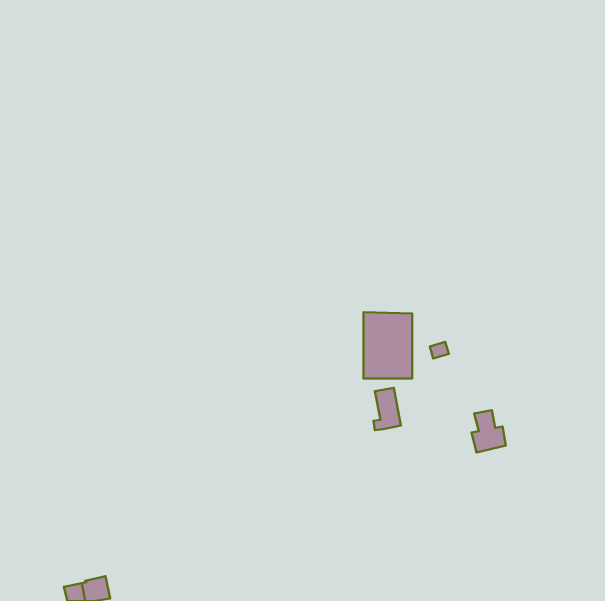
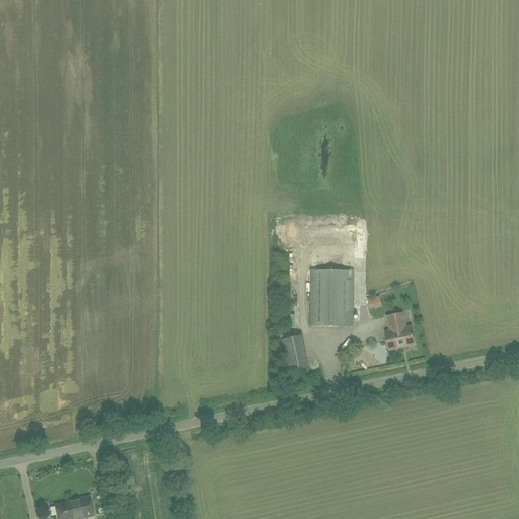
building: [374,388,401,430] -> [279,335,302,371]
building: [472,410,506,453] -> [385,311,415,348]

